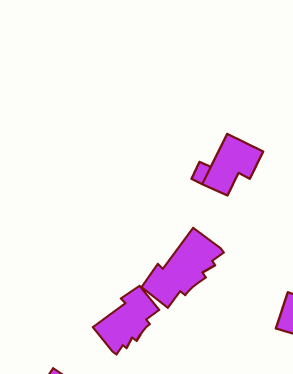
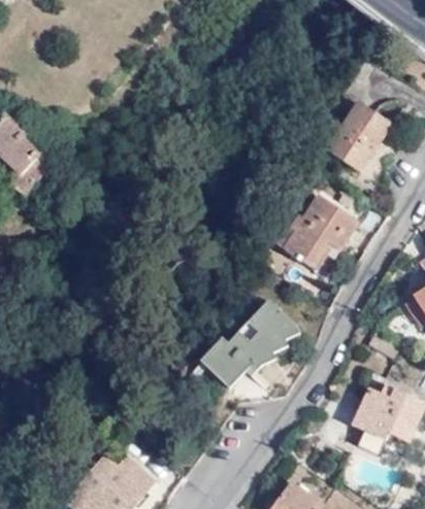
building: none -> [327,101,391,169]
building: [93,286,159,355] -> none

